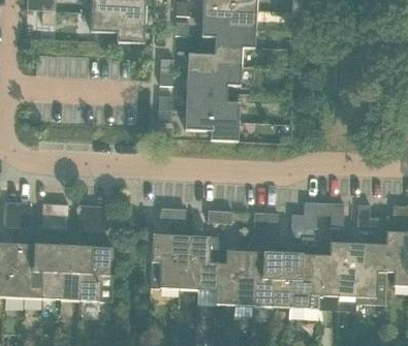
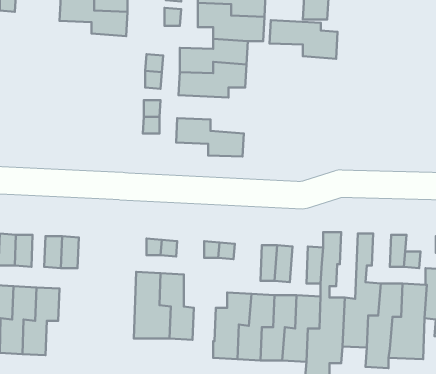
building: [185,91,240,122] -> [270,20,337,59]
building: [190,235,216,289] -> none
building: [79,247,112,302] -> none

